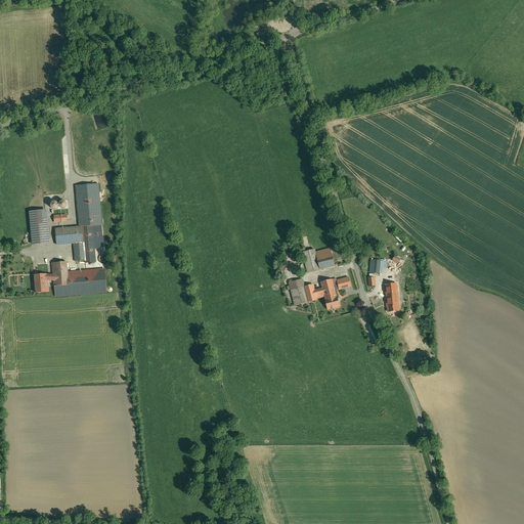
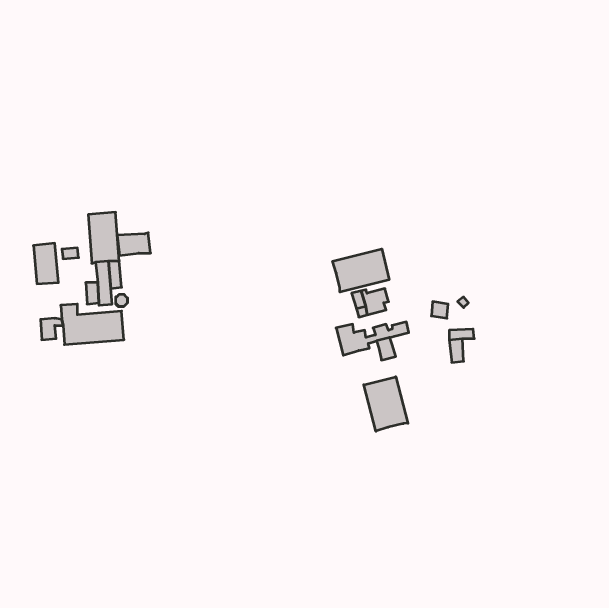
building: none -> [333,249,389,292]
building: [55,225,84,245] -> [117,233,151,255]
building: none -> [364,377,408,431]

